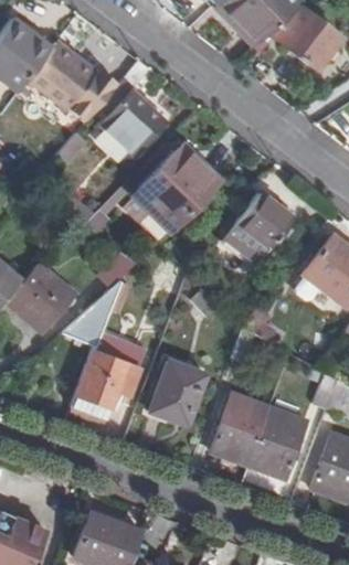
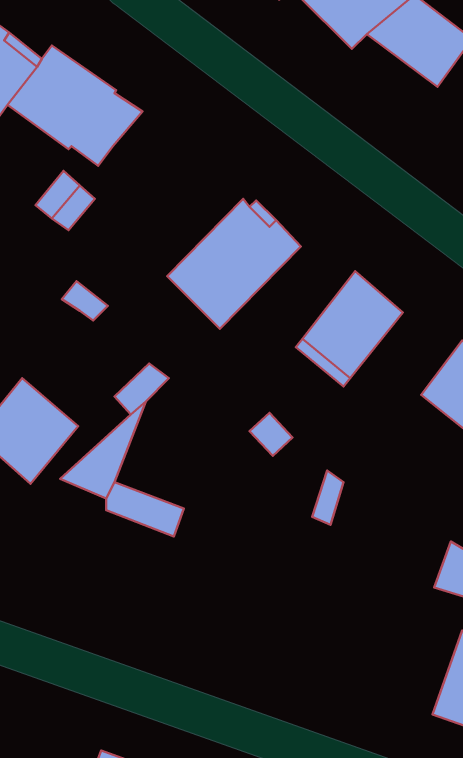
building: [97,58,163,154] -> none
building: [72,351,138,418] -> none
building: [150,361,203,424] -> none
building: [212,394,305,477] -> none

